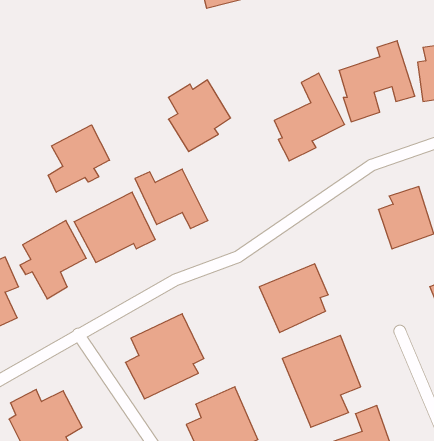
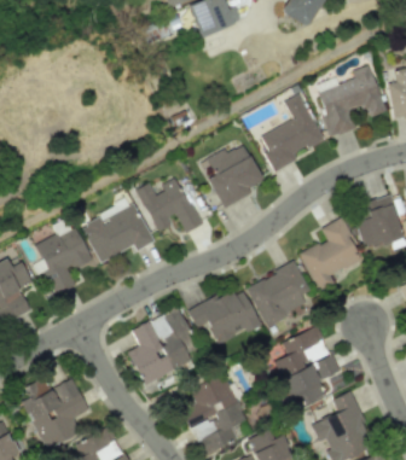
building: [168,80,231,152] -> [208,144,263,208]
building: [48,125,110,192] -> none
building: none -> [301,217,362,290]
building: none -> [188,287,261,344]

